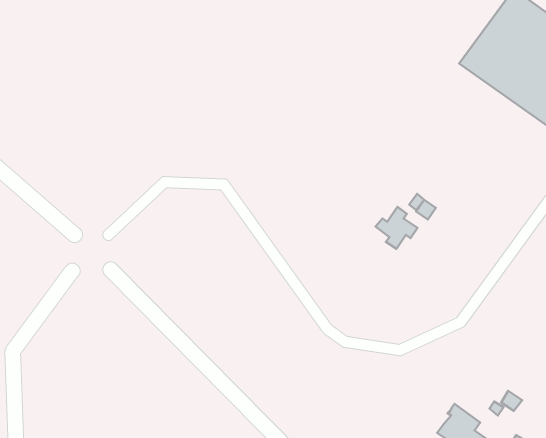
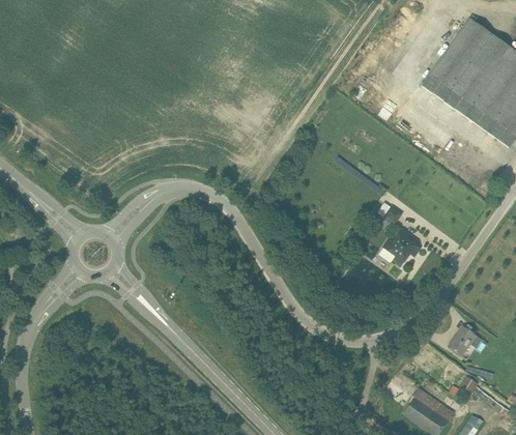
building: [375,207,417,249] -> [382,228,420,265]
building: none -> [448,325,481,354]

